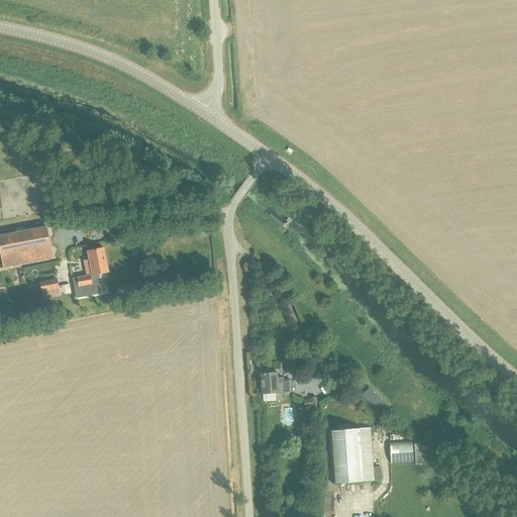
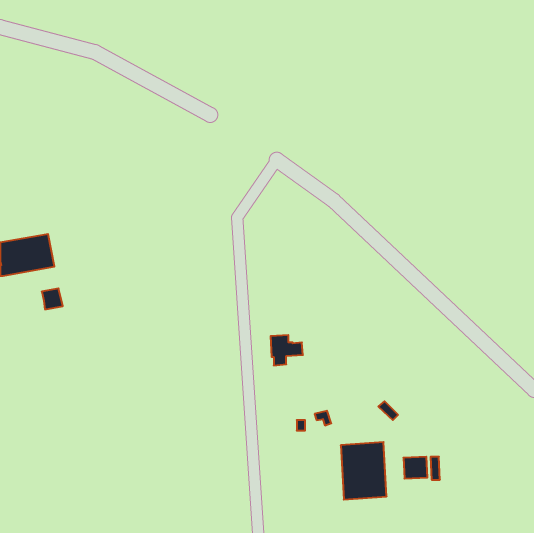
building: [73,247,108,297] -> none
building: [261,372,292,401] -> [271,335,303,365]

